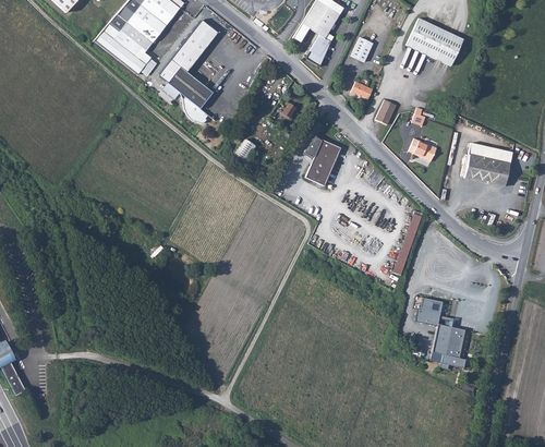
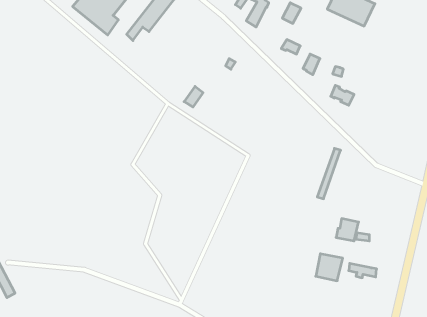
building: [169,65,214,121] -> none
building: [306,140,341,184] -> none
building: [463,143,511,185] -> none
building: [432,325,464,358] -> [316,254,343,281]

